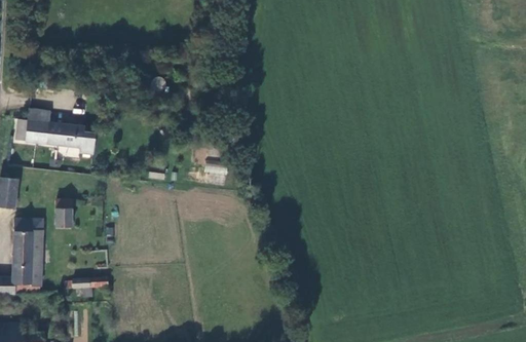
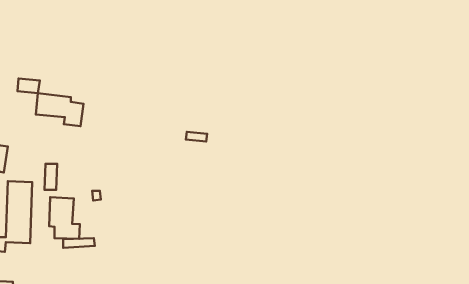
building: [25,122,48,147] -> none
building: none -> [49,197,80,239]

